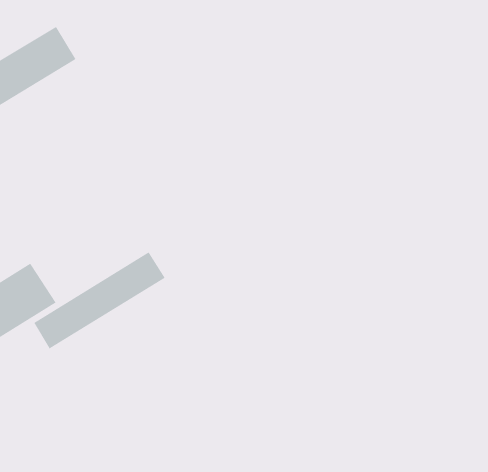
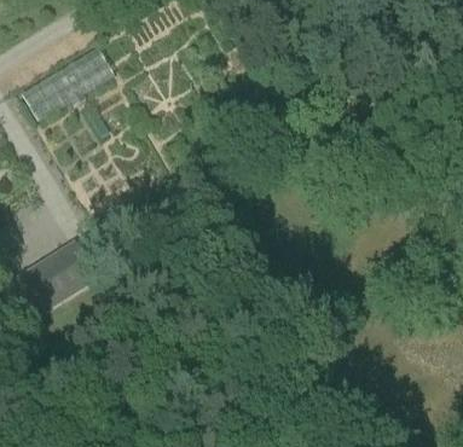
building: [34,251,165,350] -> none

